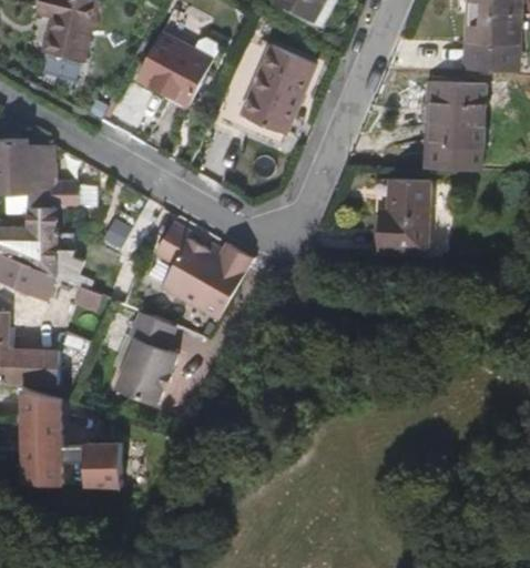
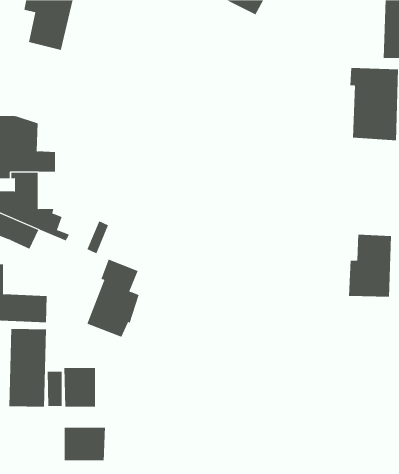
building: [137,32,211,104] -> none
building: [241,44,315,131] -> none
building: [377,176,429,252] -> [348,234,392,297]
building: [154,227,251,316] -> none
building: none -> [64,427,105,461]

